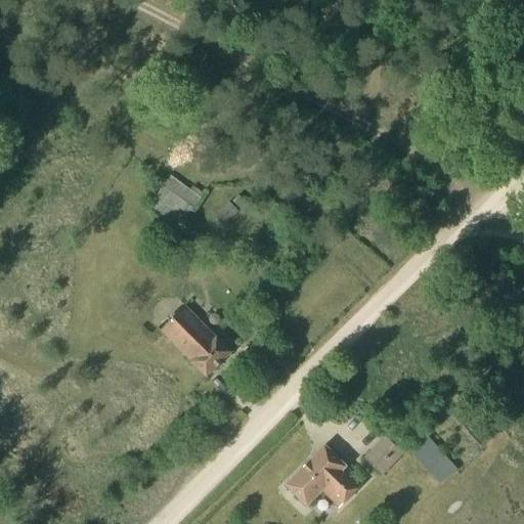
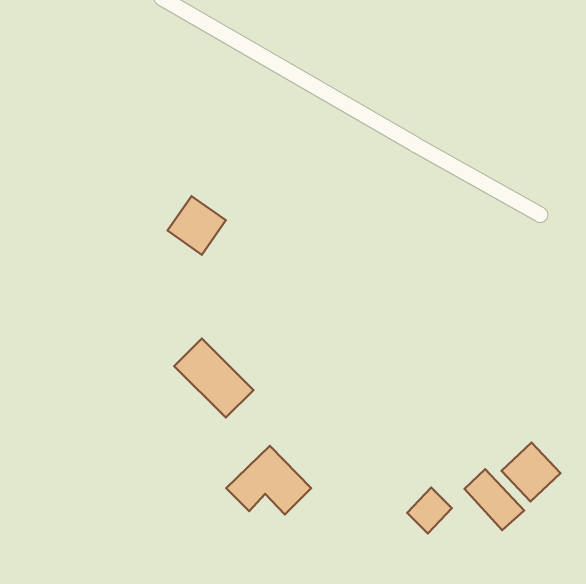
building: none -> [502,443,561,502]
building: [287,446,362,508] -> [226,446,311,515]

